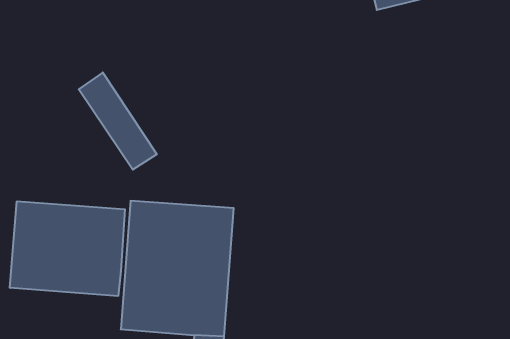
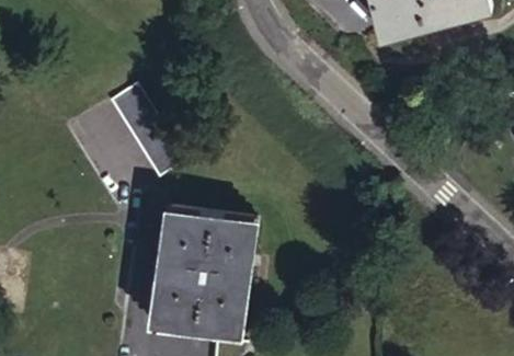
building: [10,201,125,296] -> none

